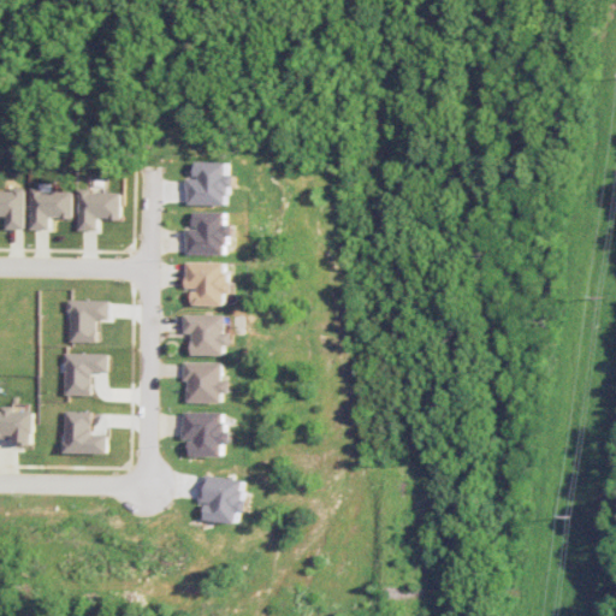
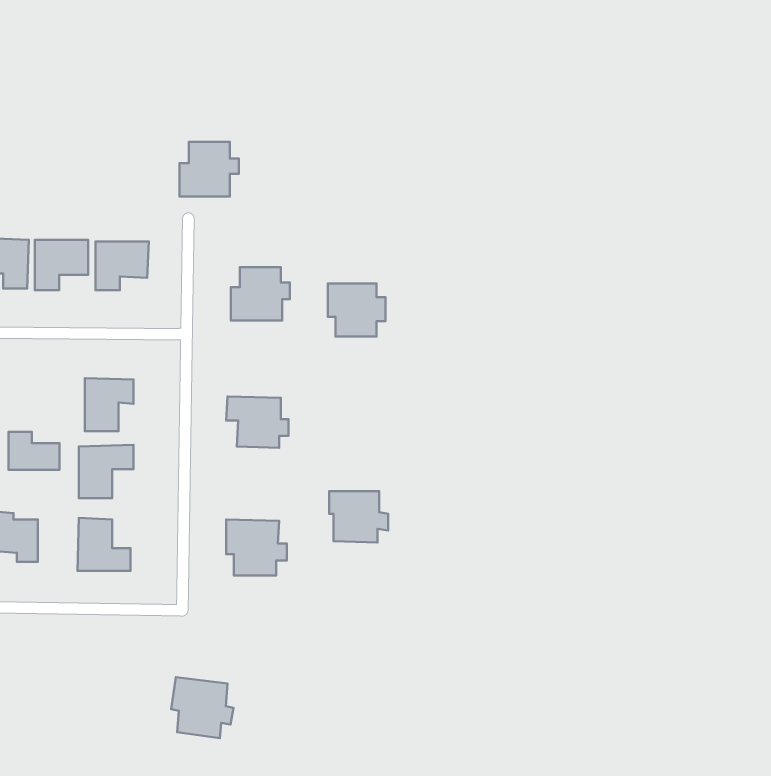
building: [184,161,231,205] -> [180,142,239,197]
building: [183,262,229,304] -> [328,283,385,336]
building: none -> [9,432,59,470]
building: [179,362,226,403] -> [329,491,388,543]
building: [197,475,247,523] -> [171,677,233,738]

